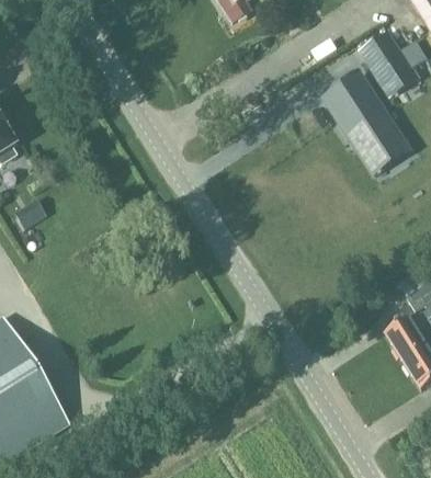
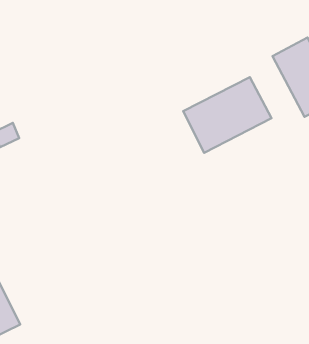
building: none -> [183,77,272,153]

